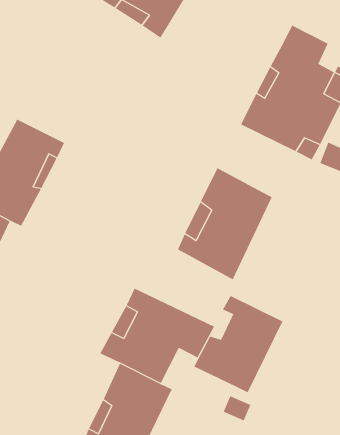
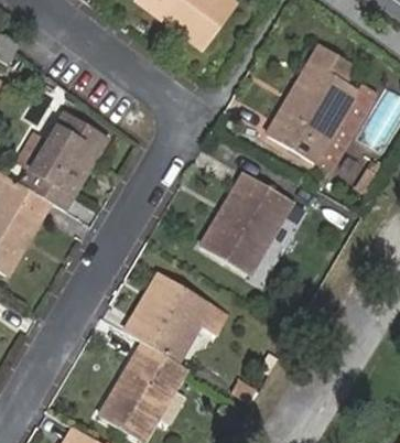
building: [193,295,283,393] -> none

